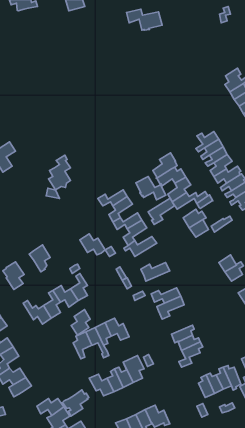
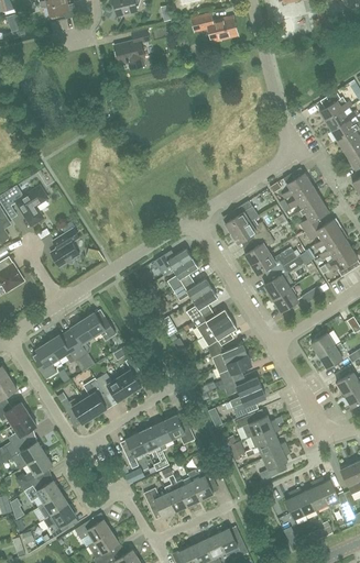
building: none -> [116,30,150,68]
building: [49,155,71,190] -> [51,221,79,266]
building: [136,176,166,200] -> none
building: [148,198,175,224] -> [203,318,237,352]
building: [80,234,105,255] -> [83,312,116,340]
building: none -> [47,332,86,366]
building: none -> [217,354,252,384]
building: [71,309,90,335] -> none
building: none -> [237,413,277,438]
building: [62,390,89,416] -> [43,504,77,538]

